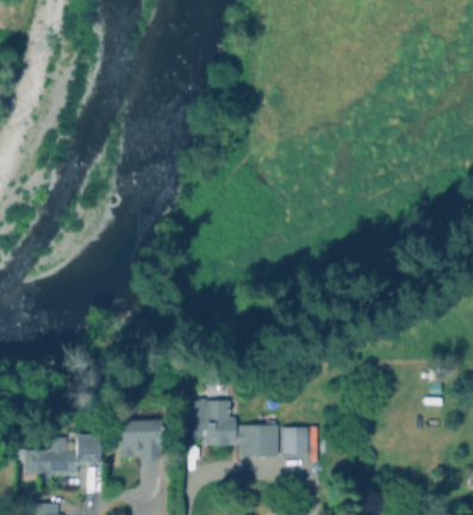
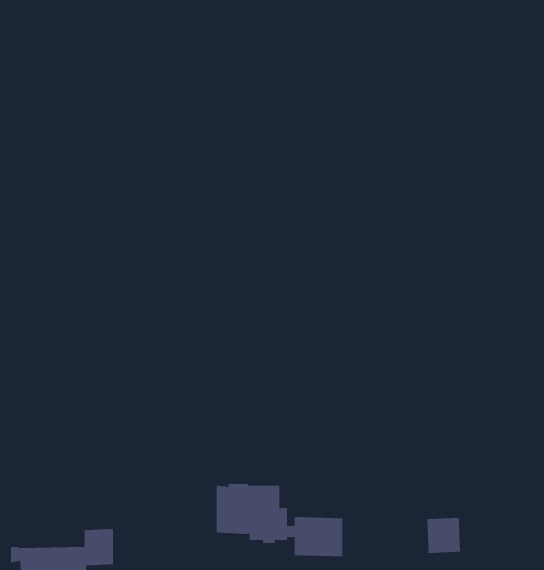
building: [118,420,160,459] -> none
building: [279,427,306,455] -> [426,517,461,553]

